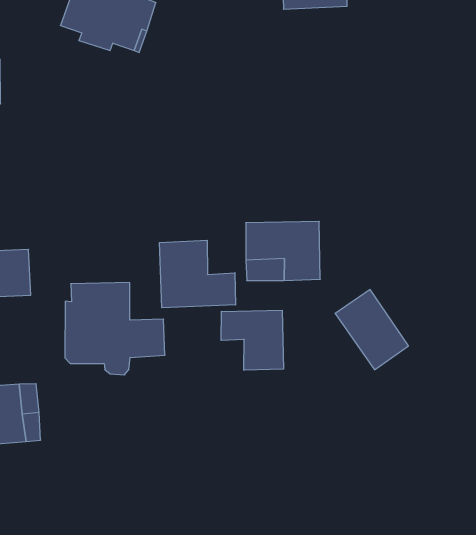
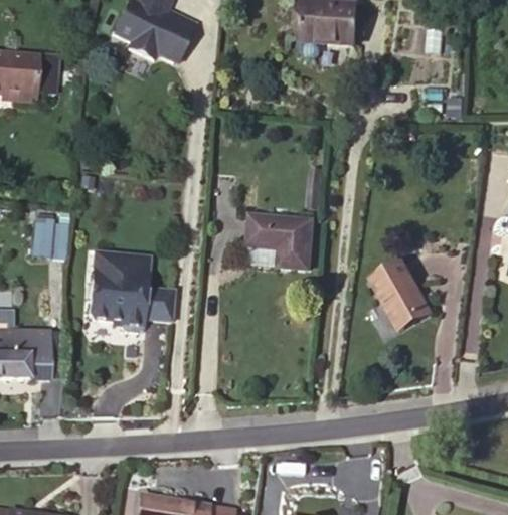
building: [159,240,236,308] -> none
building: [335,289,408,370] -> [370,260,429,327]
building: [221,310,283,370] -> none

